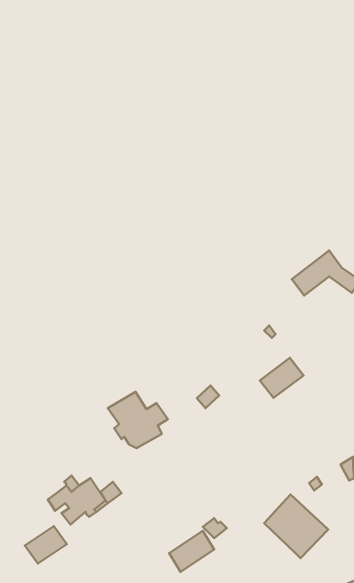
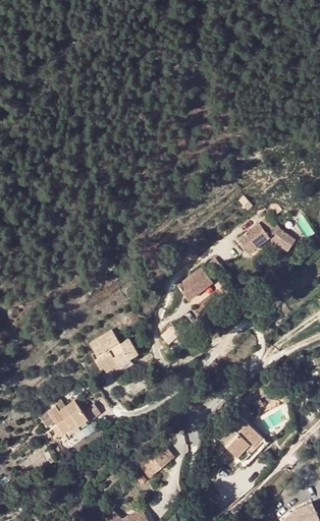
building: [260,358,304,398] -> [176,269,212,301]
building: [25,526,67,563] -> none

